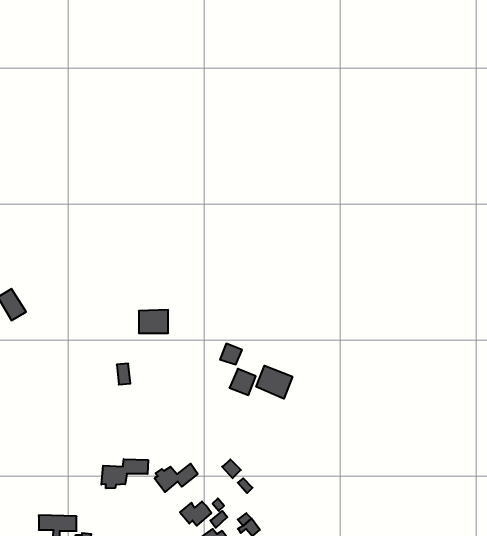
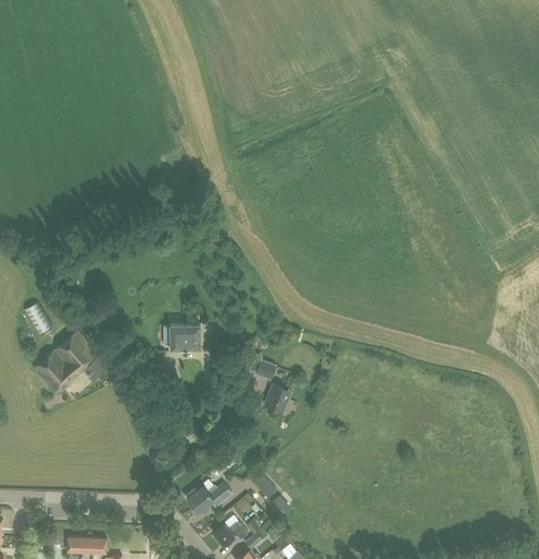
building: none -> [33,330,107,393]
building: [256,366,292,399] -> none
building: [101,459,148,488] -> none

